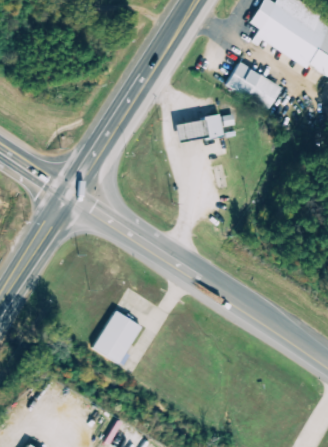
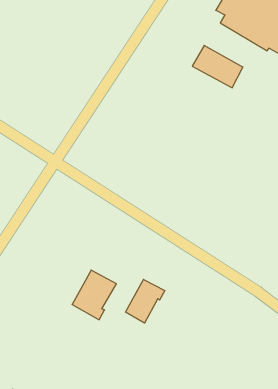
building: [174,117,223,141] -> none
building: none -> [126,279,165,323]

